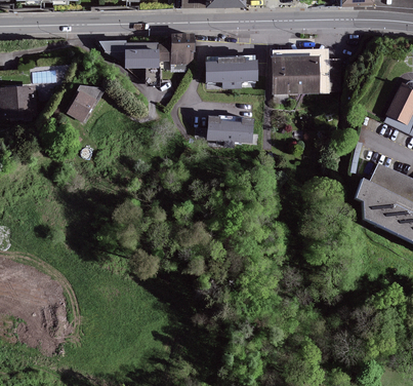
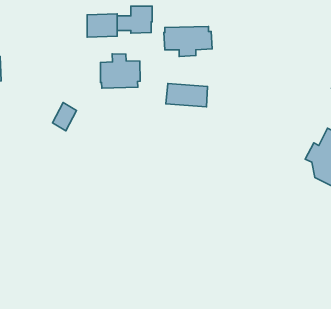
building: [272,48,329,92] -> none
building: none -> [100,54,140,88]
building: [68,90,93,120] -> [52,103,77,131]

